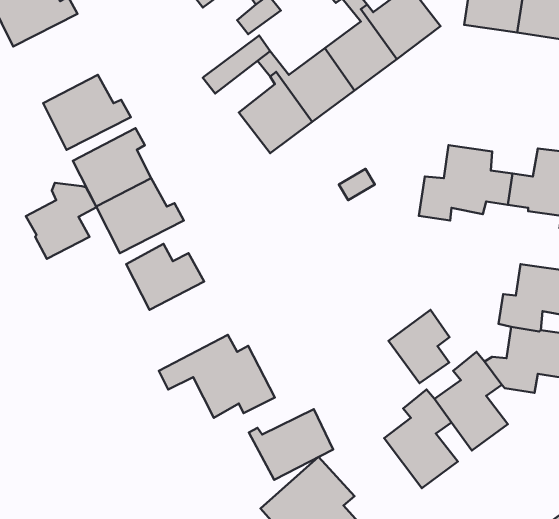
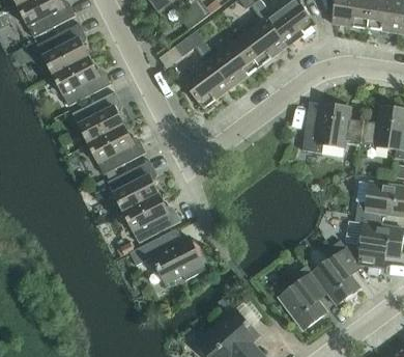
building: none -> [37,23,89,75]
building: [26,183,97,259] -> none
building: none -> [123,193,181,243]
building: [389,310,449,383] -> none
building: [249,409,333,480] -> none

